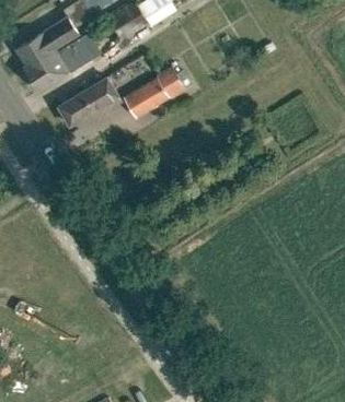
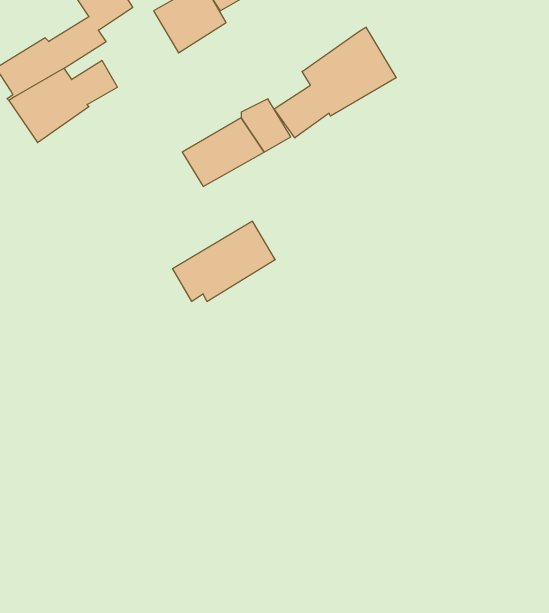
building: none -> [274,27,396,138]
building: [60,79,119,125] -> [172,221,275,301]

